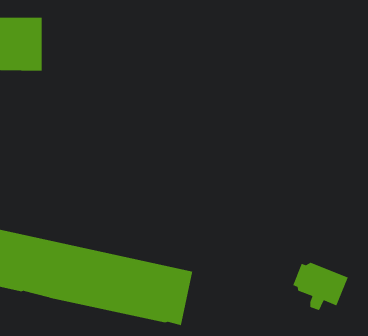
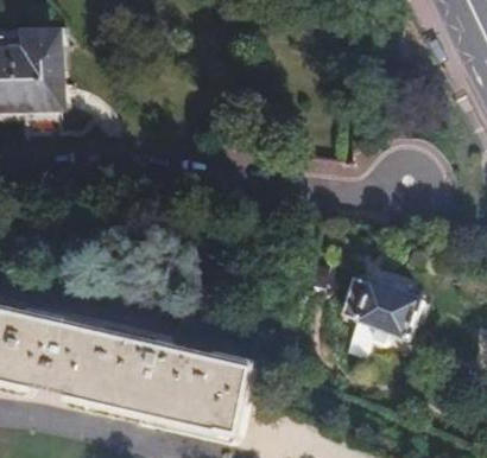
building: [292,262,349,311] -> [346,279,419,343]

